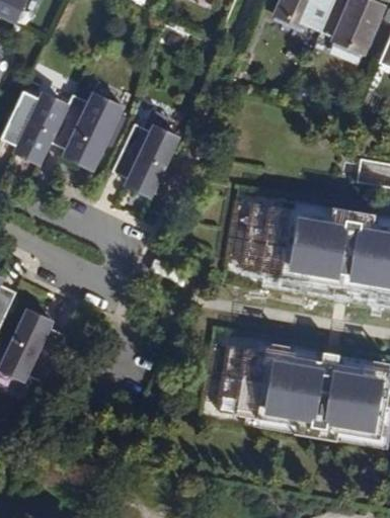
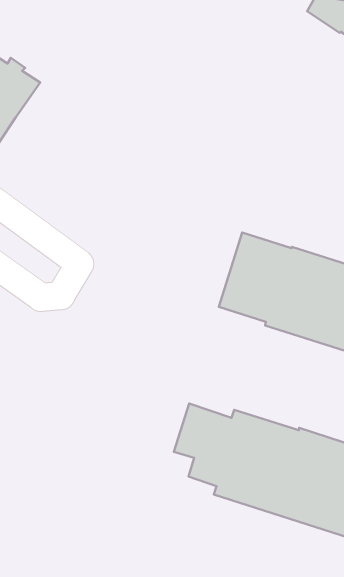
building: [52,90,124,167] -> none
building: [112,125,177,197] -> none

